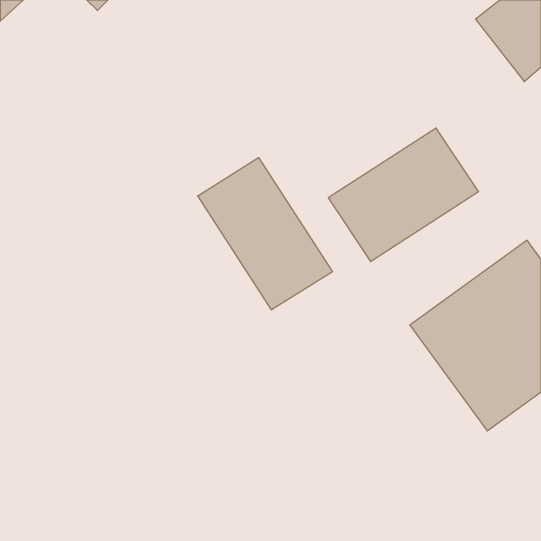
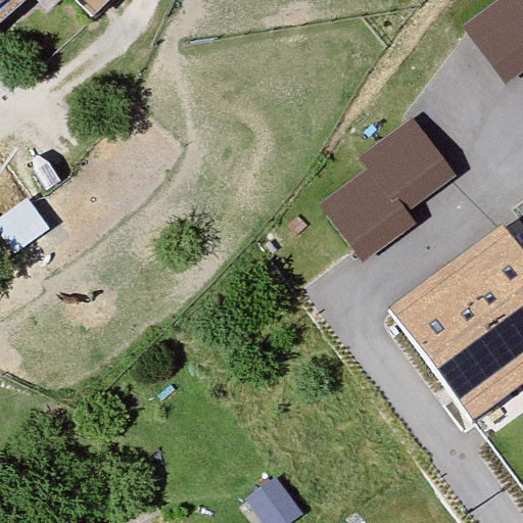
building: [198,158,332,310] -> none

